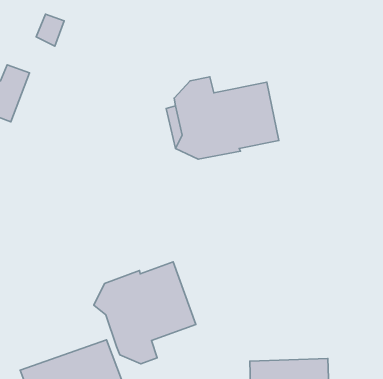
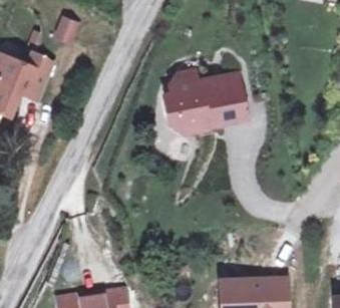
building: [94,262,196,364] -> none

